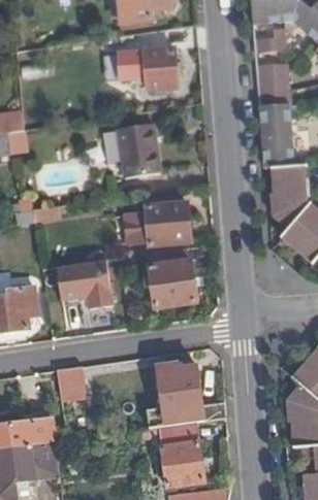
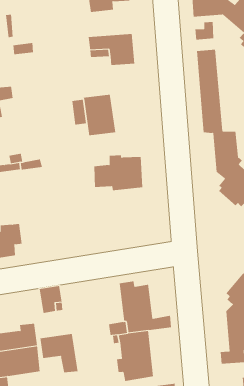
building: [147,258,197,306] -> none
building: [56,259,114,307] -> none
building: none -> [40,333,78,373]

